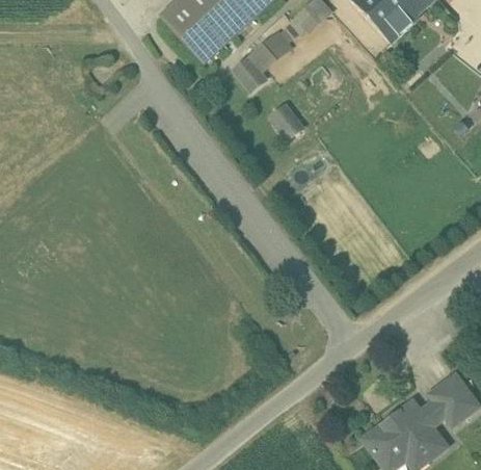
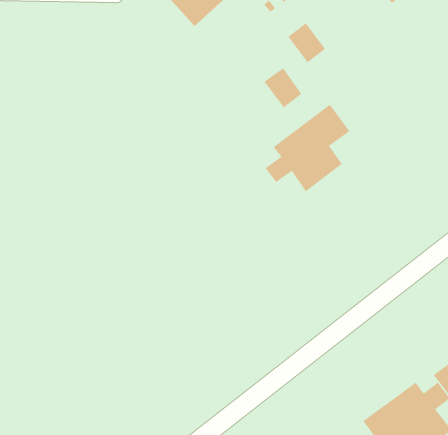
building: [233,54,269,93] -> [287,23,326,63]
building: none -> [265,104,350,192]

